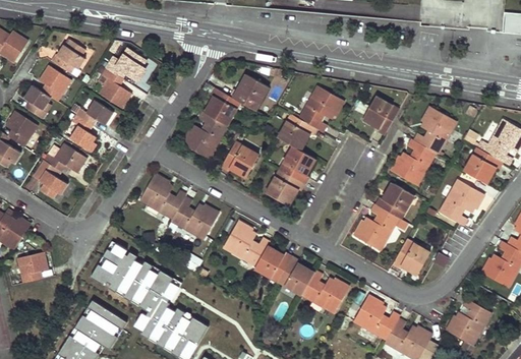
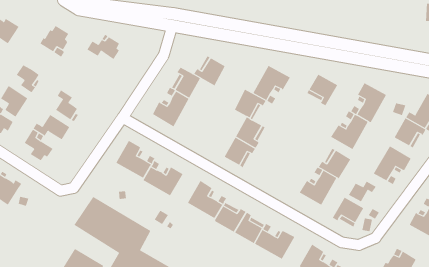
building: [95,64,131,109] -> none
building: [38,65,71,102] -> none
building: [75,101,113,125] -> none
building: [221,141,258,174] -> none
building: none -> [348,181,376,202]
building: [16,252,48,283] -> none

